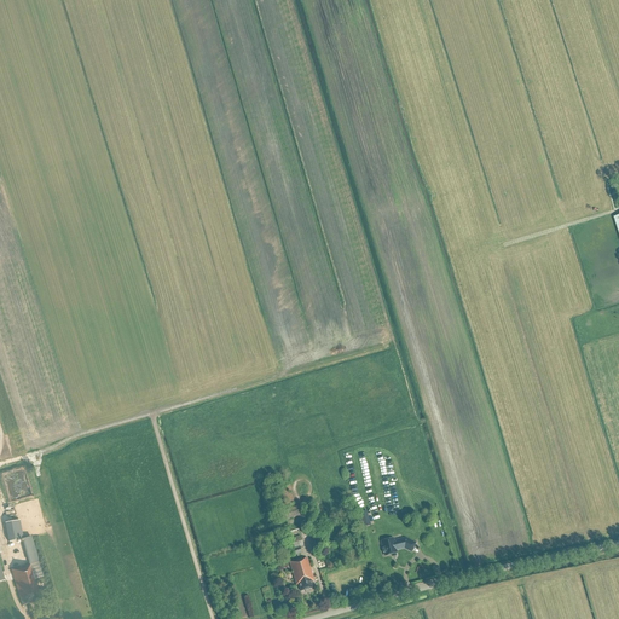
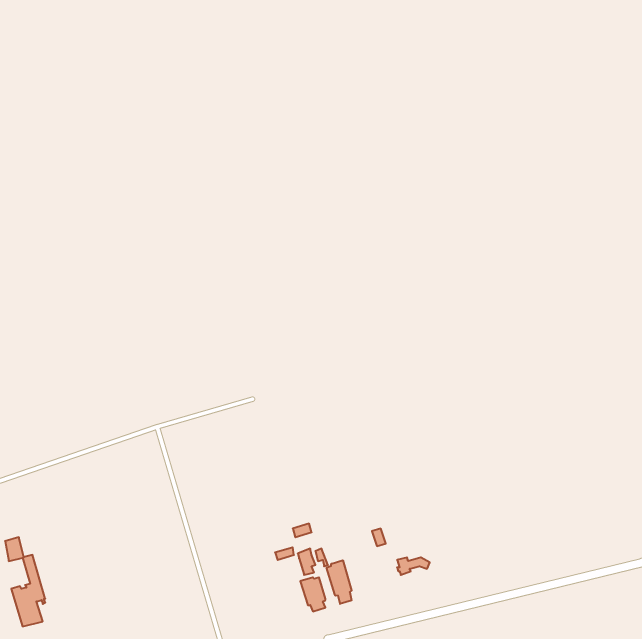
building: none -> [327,560,352,604]

